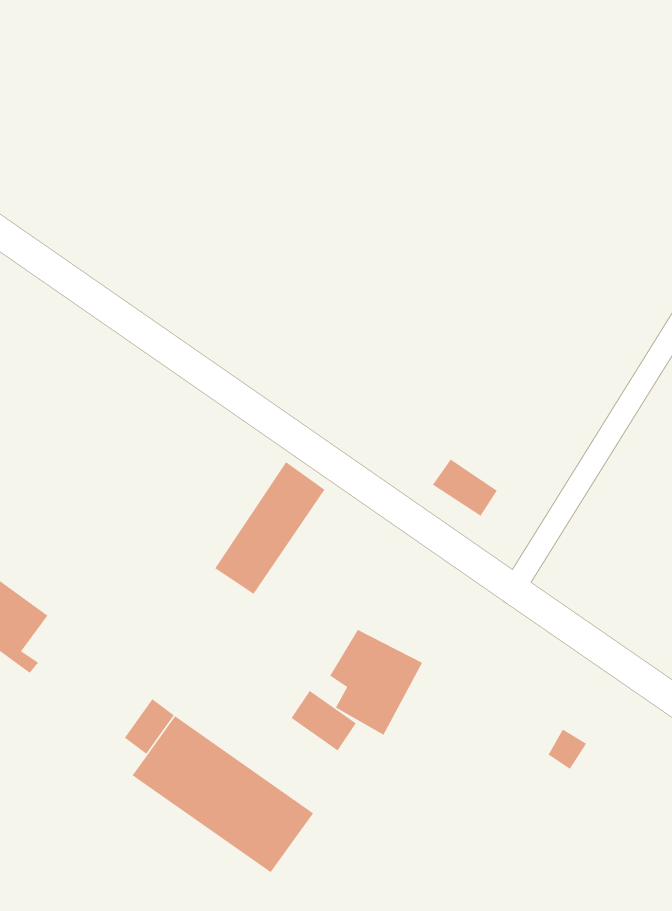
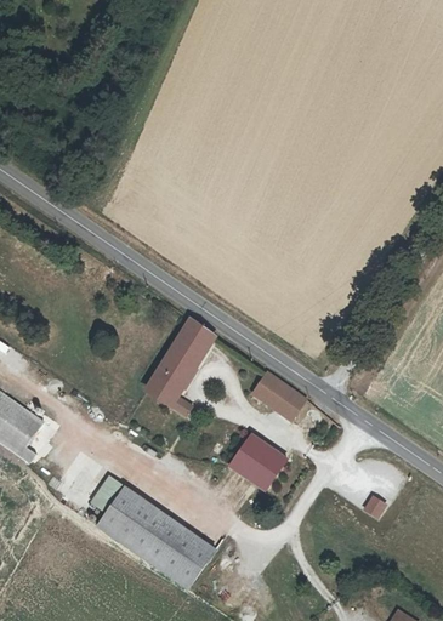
building: [432,458,498,517] -> [260,376,302,414]
building: [290,690,357,752] -> none

